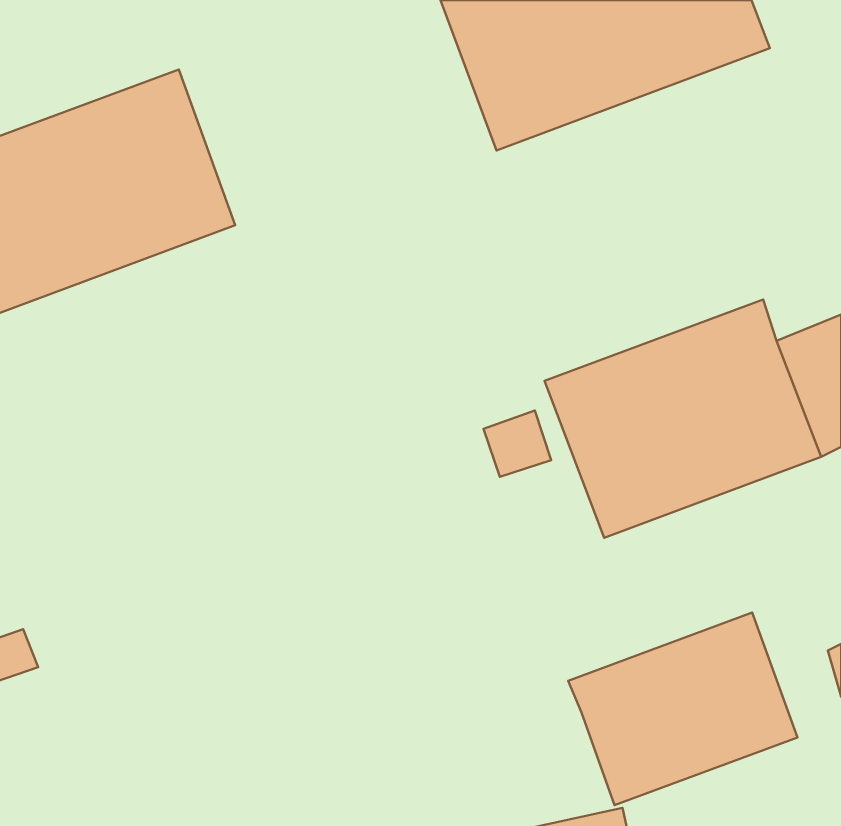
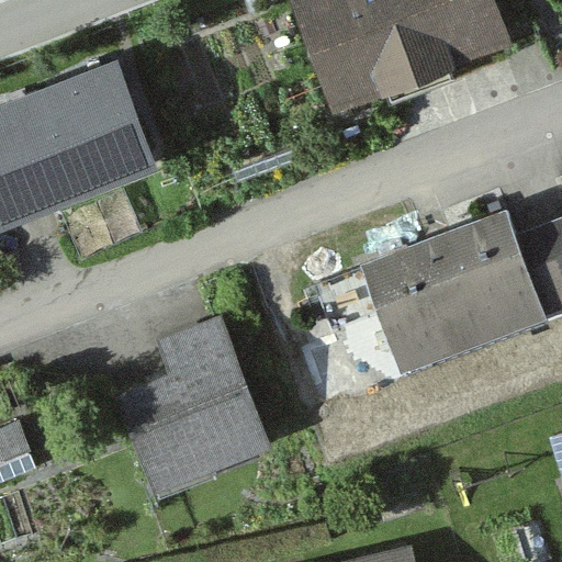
building: none -> [117,316,270,495]
building: [568,612,798,805] -> none

